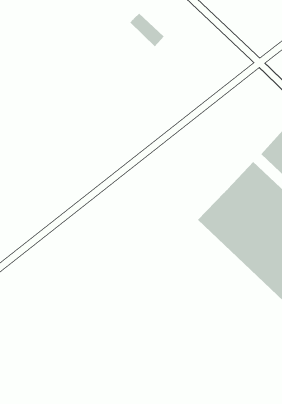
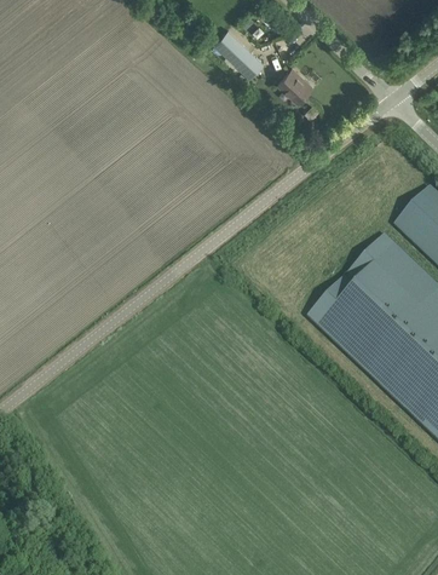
building: none -> [277,64,310,98]

